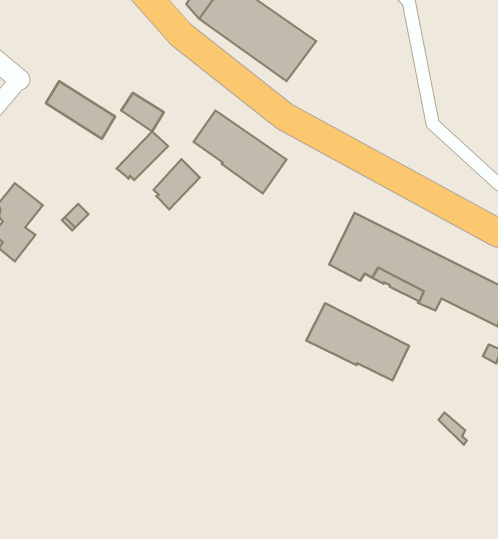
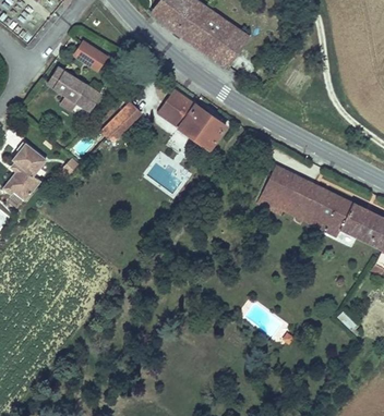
building: [121,93,164,131] -> [74,41,106,70]
building: [154,159,200,209] -> none
building: [306,303,409,381] -> none

